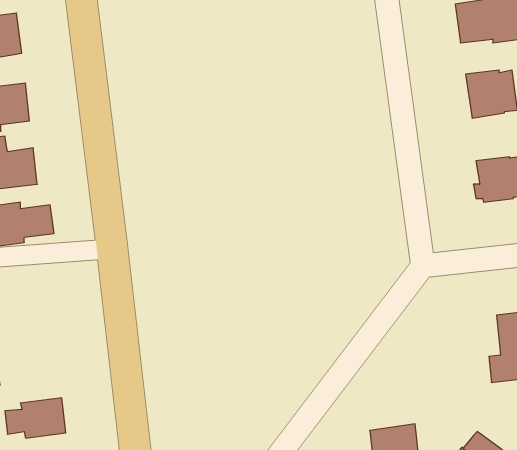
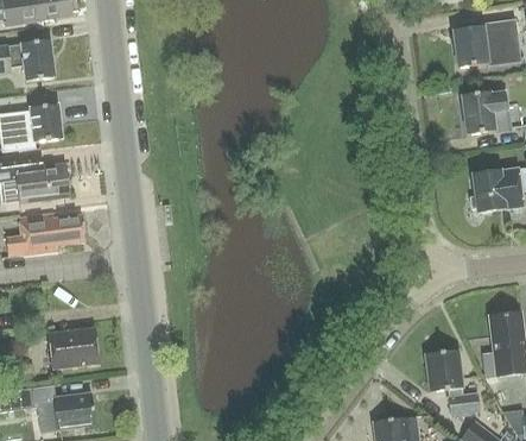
building: none -> [49,327,99,367]
building: none -> [426,348,481,412]

